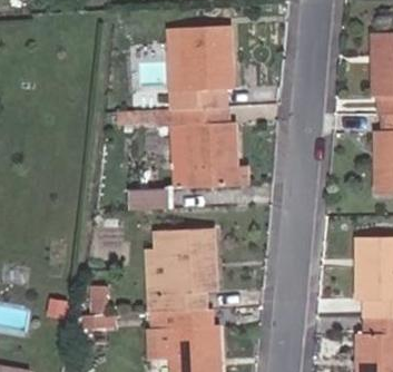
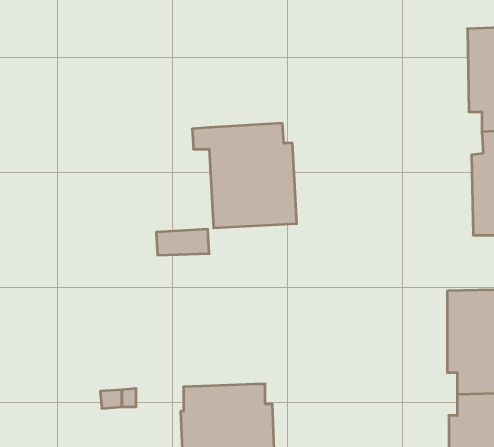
building: [167,25,234,109] -> none
building: [147,227,217,311] -> none

